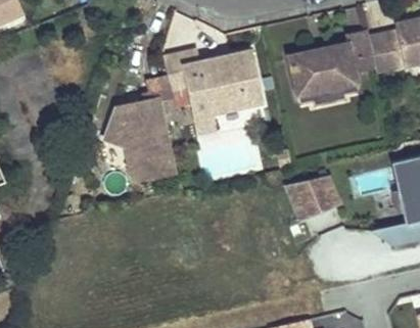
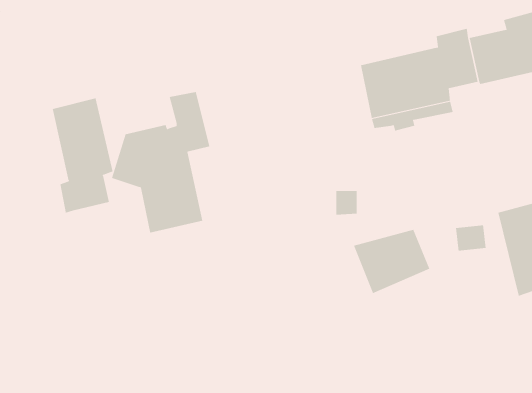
building: [165,44,264,129] -> none
building: none -> [52,98,113,214]

